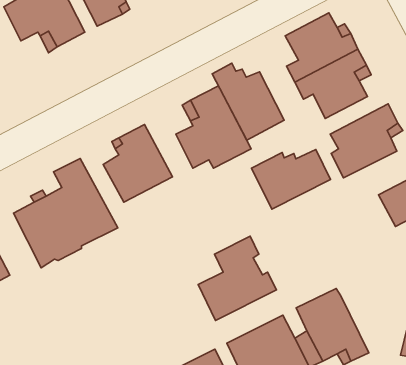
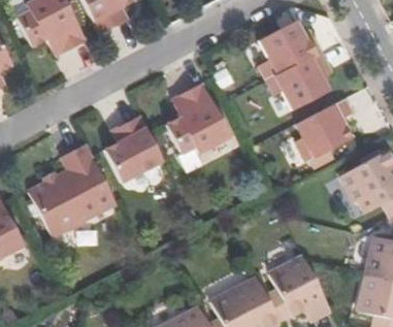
building: [212,63,284,140] -> none
building: [251,150,330,209] -> none
building: [198,236,276,320] -> none

